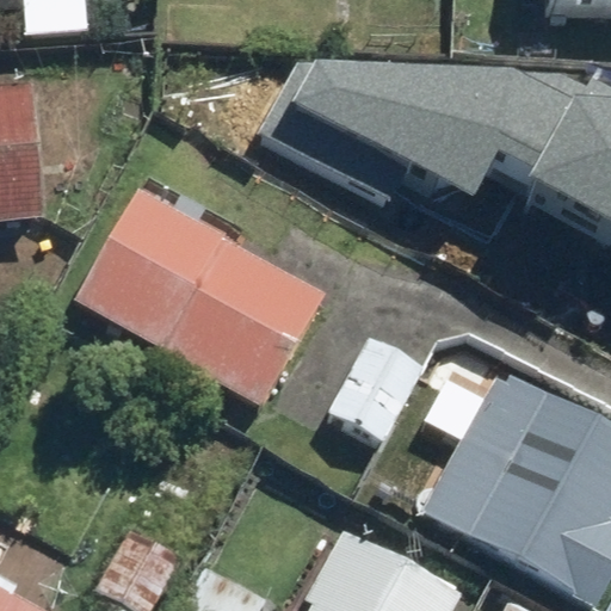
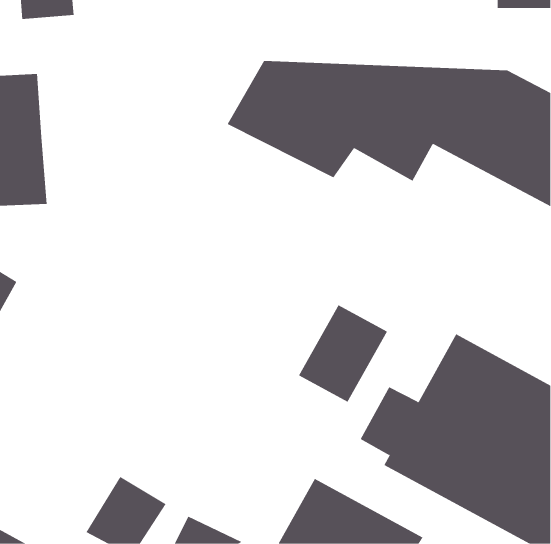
building: [80,190,331,409] -> none

